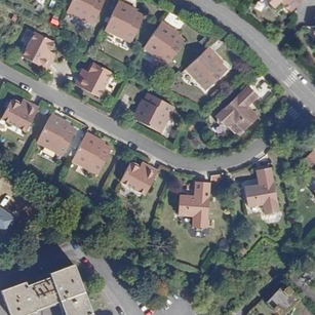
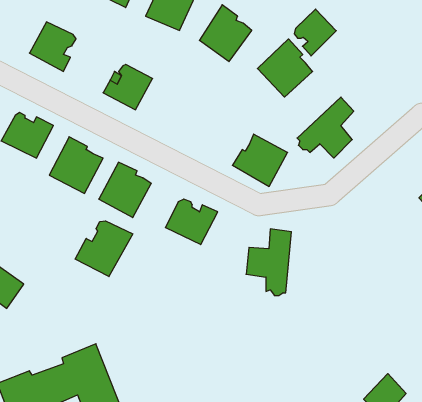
building: none -> [294,9,336,56]
building: [129,101,169,139] -> [232,134,288,186]
building: [247,168,281,216] -> none
building: none -> [75,221,133,277]

